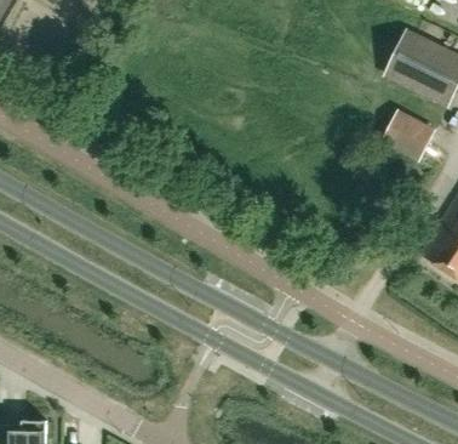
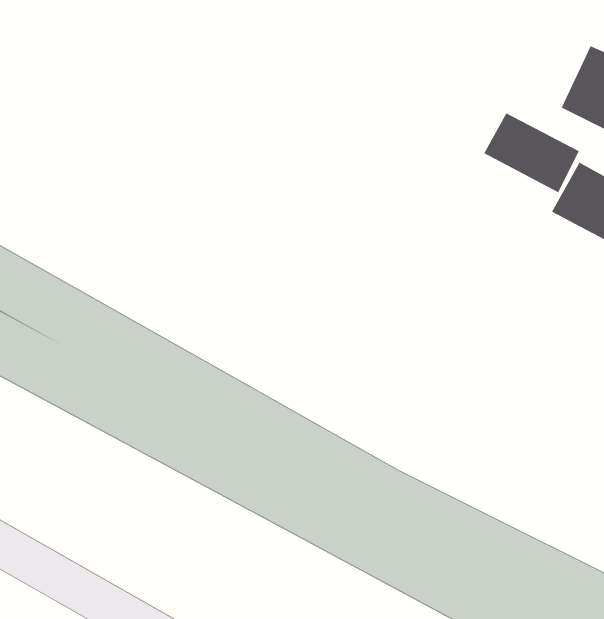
building: none -> [484,113,580,193]

